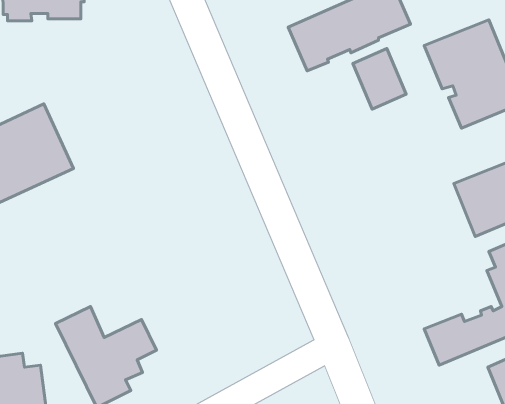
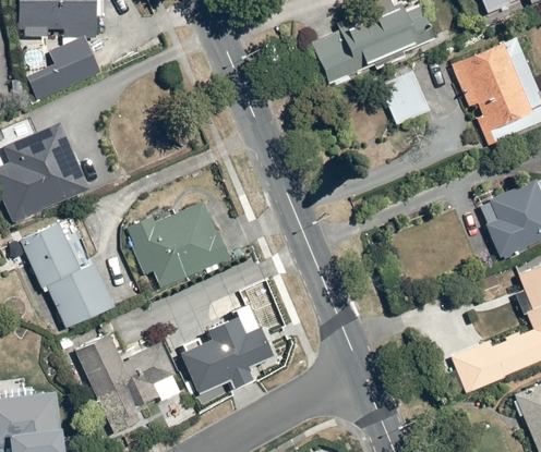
building: none -> [26,37,100,103]
building: none -> [127,200,233,296]
building: none -> [21,221,119,329]
building: none -> [182,316,275,393]

